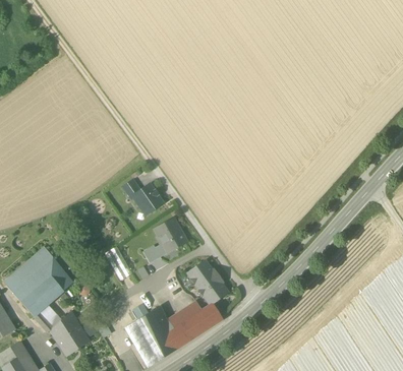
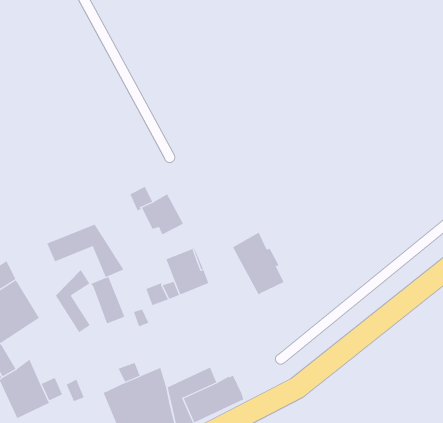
building: none -> [46,224,124,278]
building: none -> [55,269,90,333]
building: [187,260,227,305] -> [232,232,284,296]

